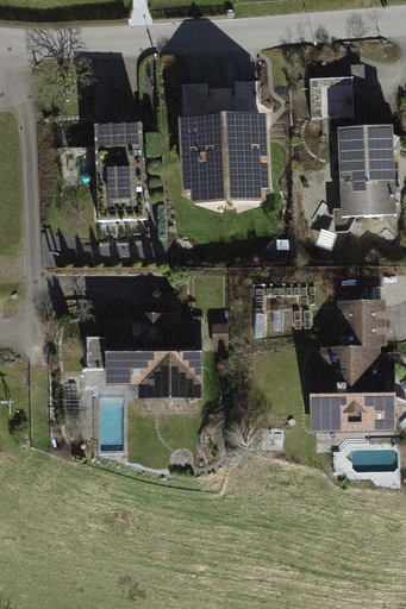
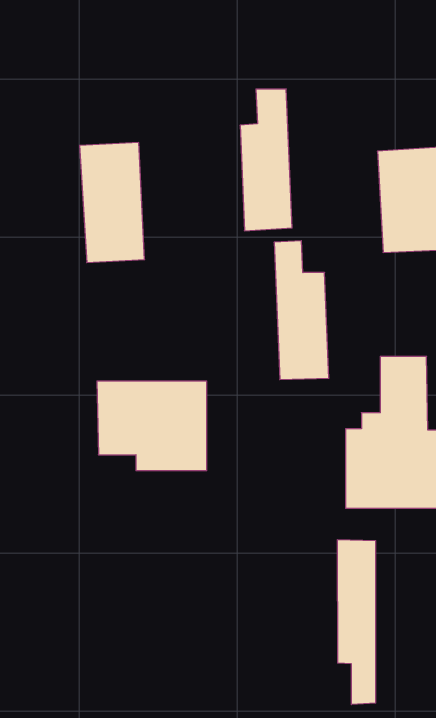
building: [308,77,351,117] -> none
building: [182,86,227,200] -> [274,241,329,380]
building: none -> [338,540,376,705]

